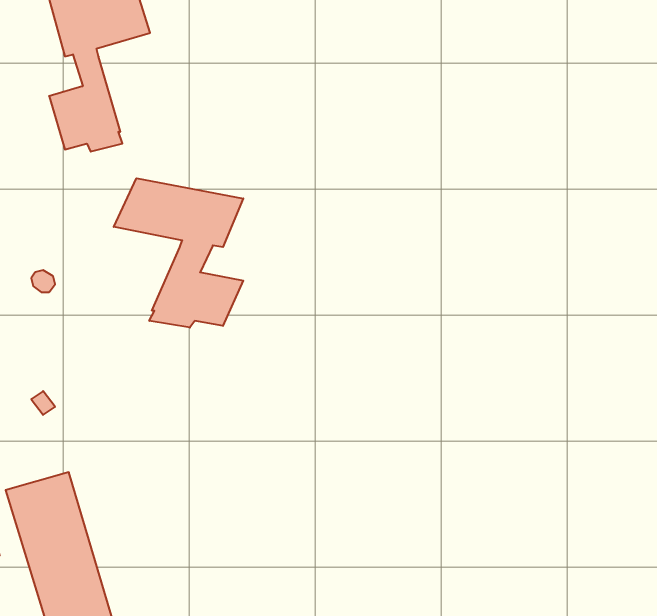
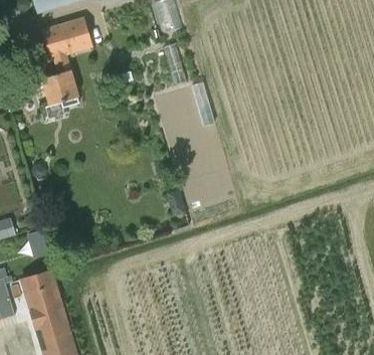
building: [114,178,243,328] -> none

